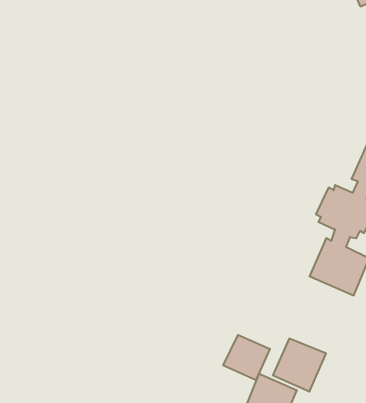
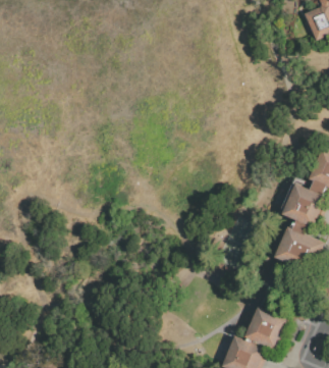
building: [223,335,270,380] -> none

